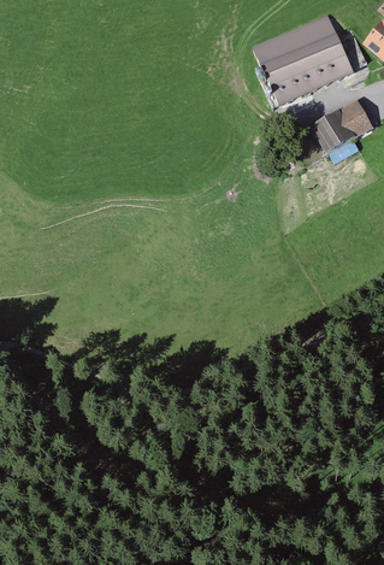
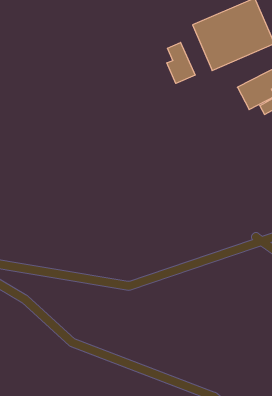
building: none -> [167,42,195,83]

